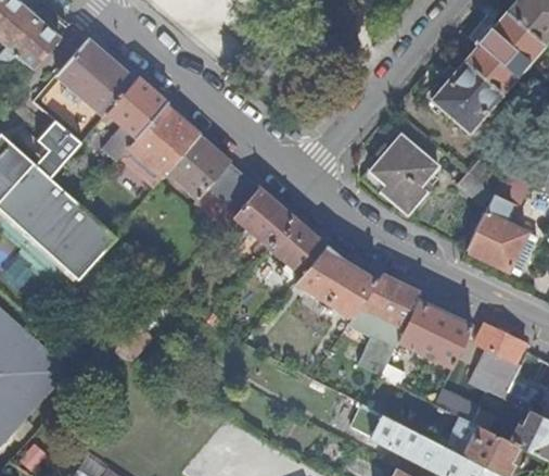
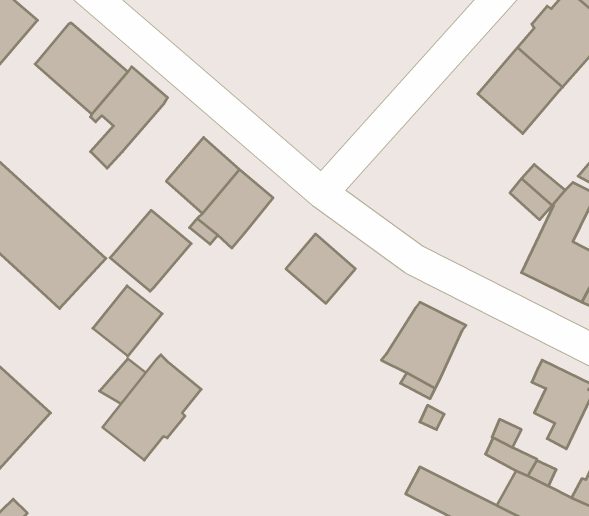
building: [130,108,199,176] -> [110,210,191,291]
building: [37,120,81,177] -> none
building: [368,134,436,214] -> none
building: [233,187,293,247] -> none
building: [294,247,378,318] -> none
building: none -> [93,286,162,356]
building: [397,299,471,367] -> none
building: none -> [103,355,201,460]

